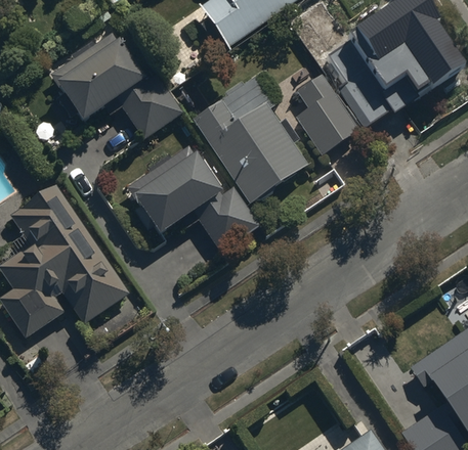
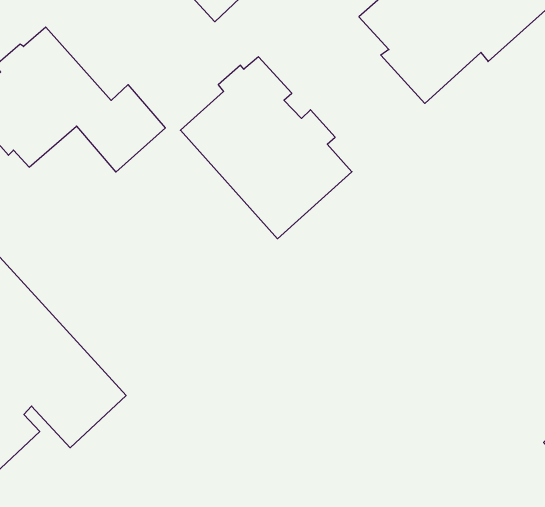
building: [295,70,359,153] -> none
building: [123,141,258,249] -> none

